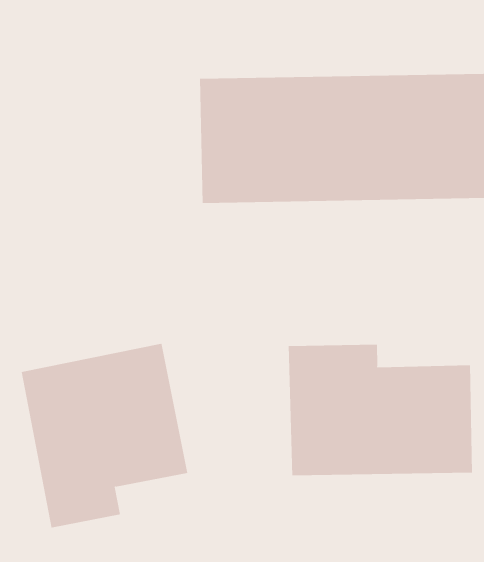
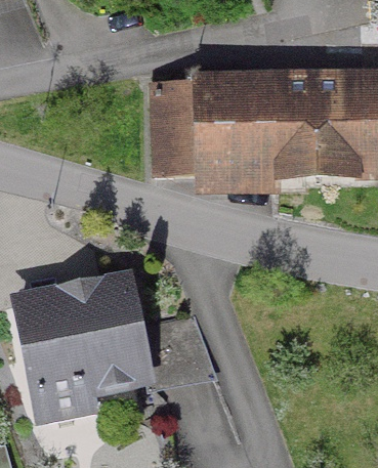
building: [288,344,472,476] -> none

